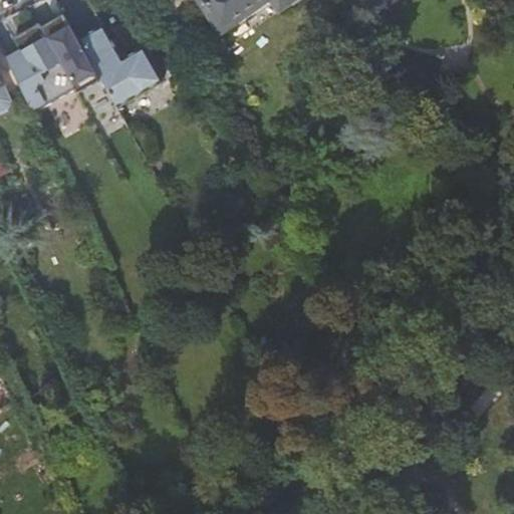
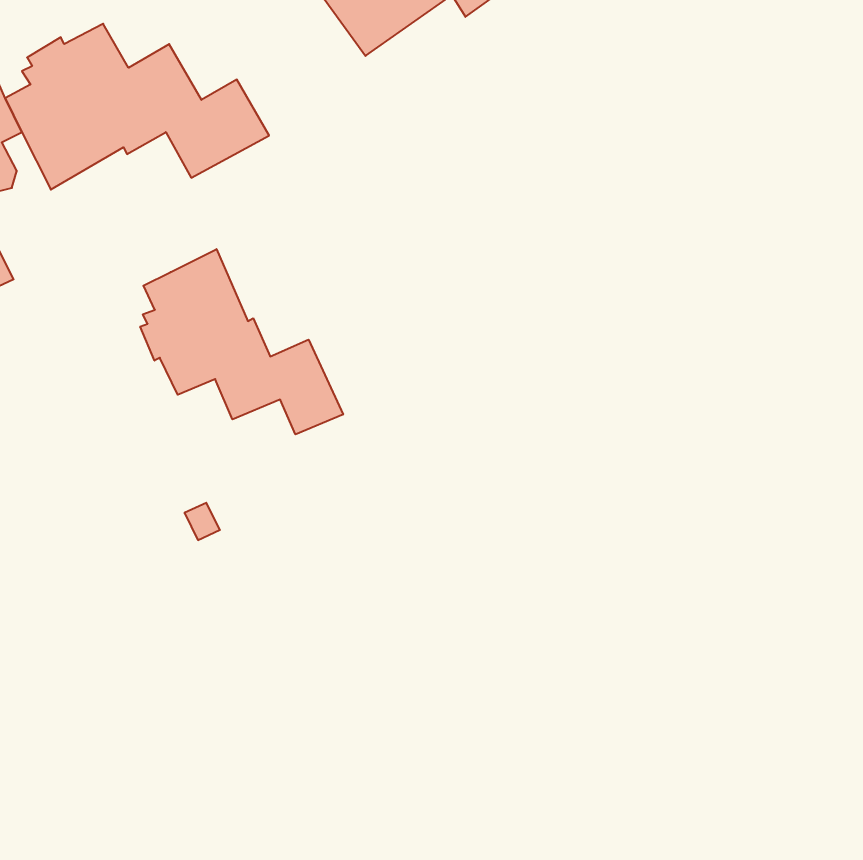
building: none -> [140,249,343,434]

